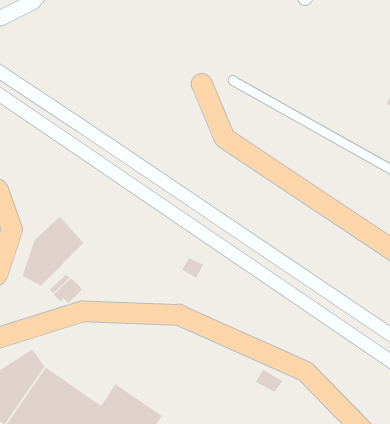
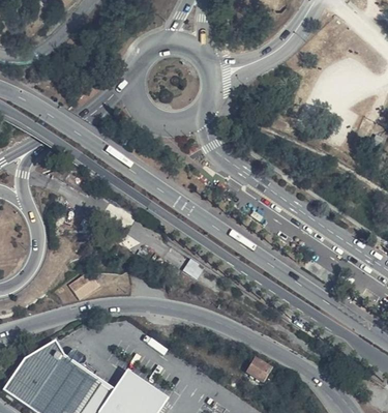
building: [21,216,84,287] -> none

